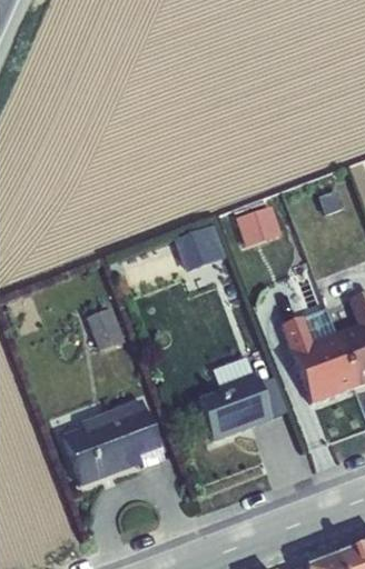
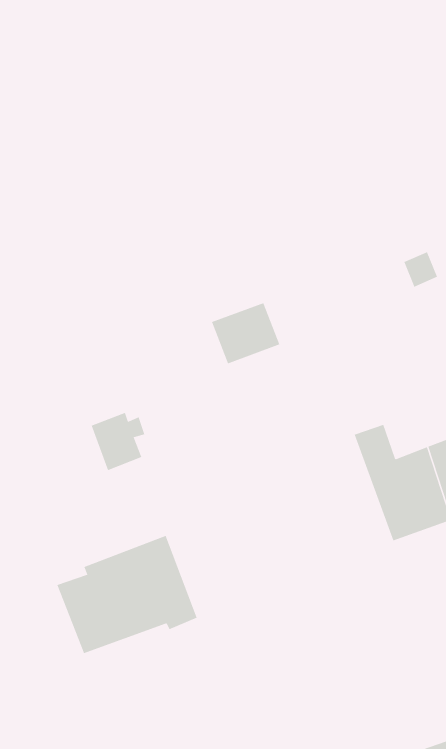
building: [237,206,280,246] -> none
building: [198,371,288,439] -> none

